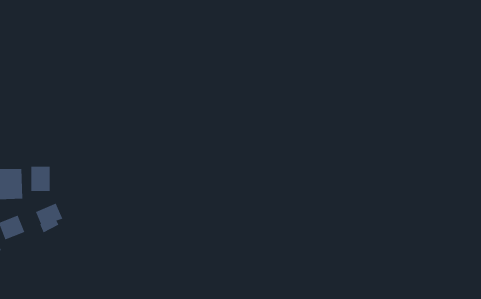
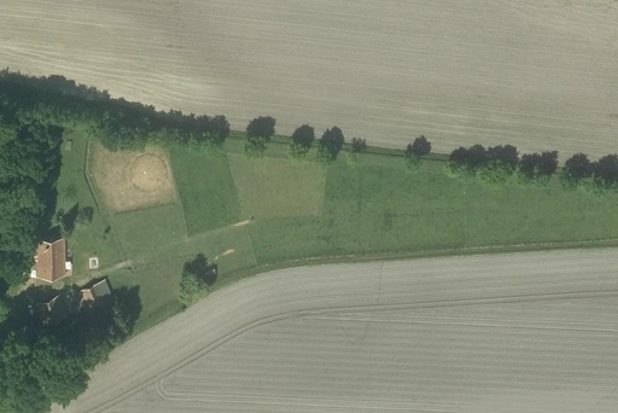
building: [31,166,50,192] -> none

